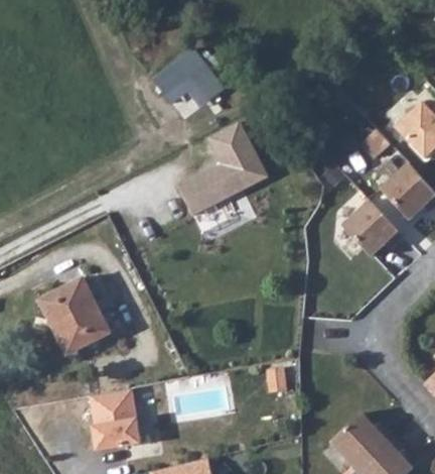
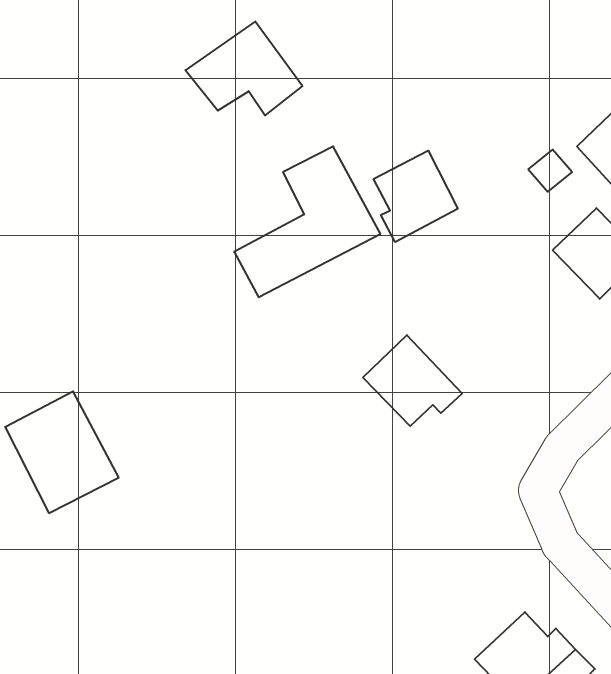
building: none -> [374,151,458,242]
building: [341,201,403,257] -> [363,335,462,426]
building: [87,387,138,449] -> none

